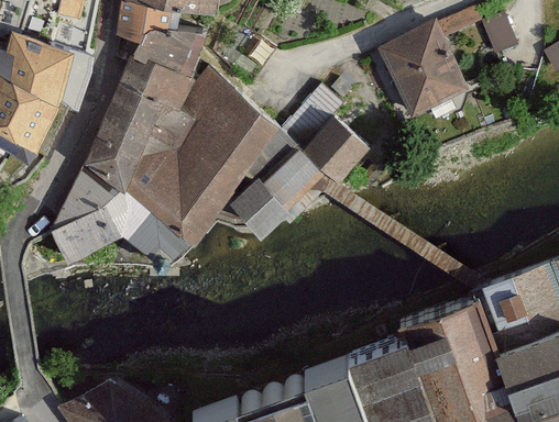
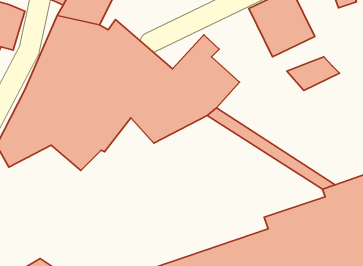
building: none -> [287,57,339,90]

